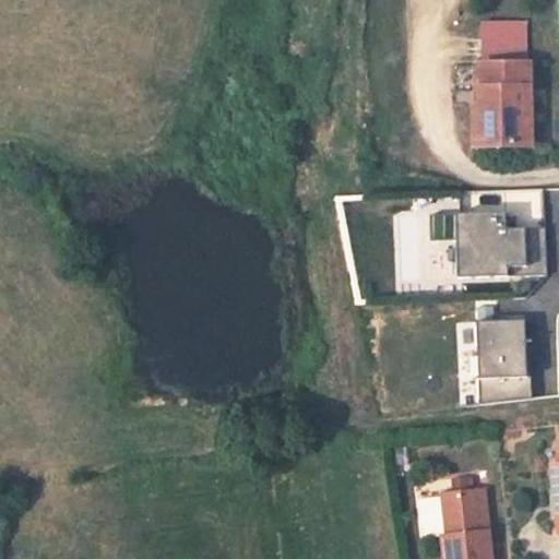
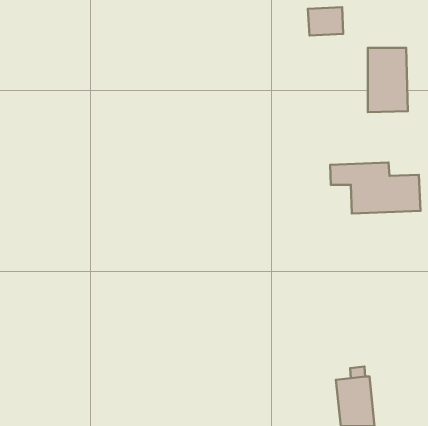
building: [481,19,527,56] -> [308,7,343,36]
building: [476,316,531,403] -> none

